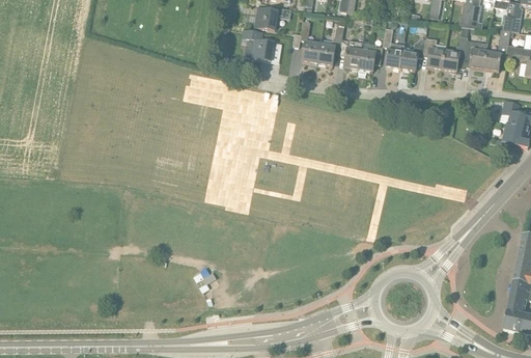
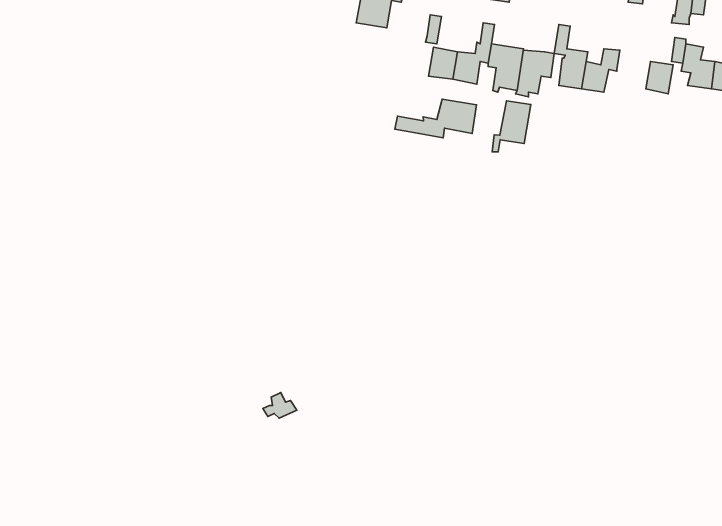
building: [243,29,274,60] -> none
building: [423,37,445,68] -> none
building: none -> [395,99,476,138]
building: none -> [492,101,531,152]

